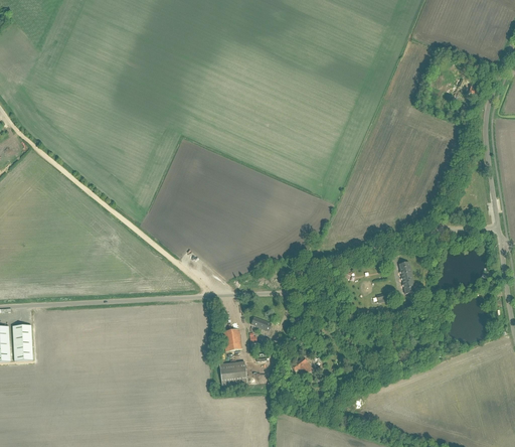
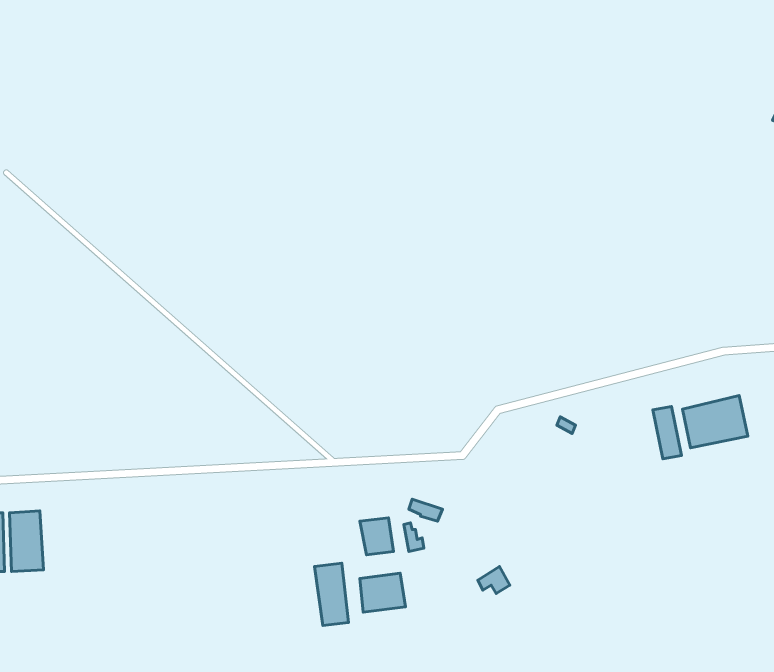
building: none -> [683,396,748,448]
building: none -> [314,563,349,625]

